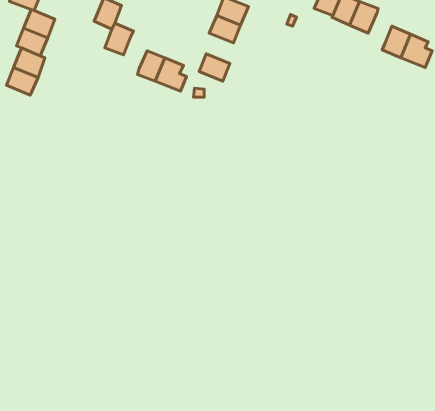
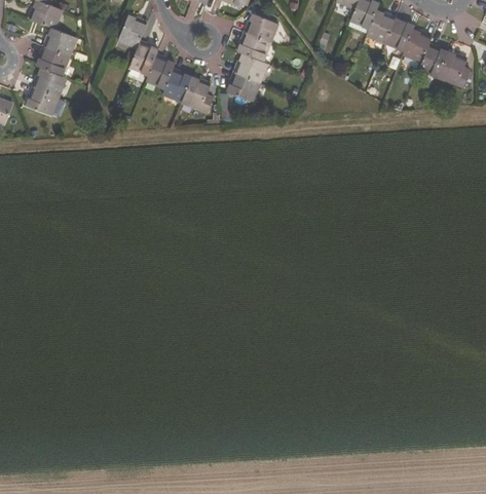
building: none -> [403,30,432,62]
building: none -> [234,53,267,83]
building: none -> [146,55,175,88]

